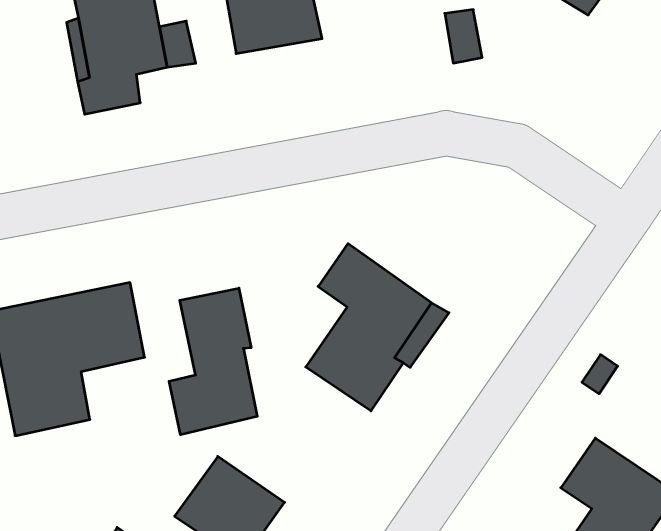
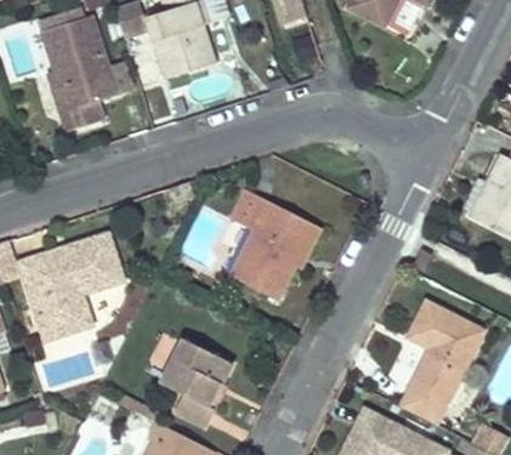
building: [169,288,257,435] -> none

